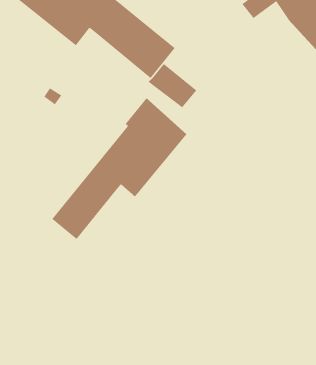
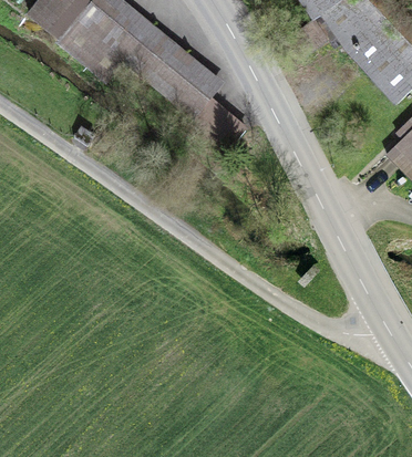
building: [51,97,187,240] -> none

